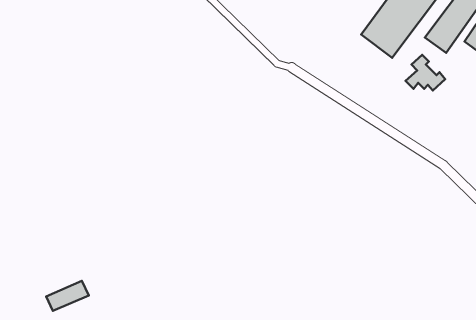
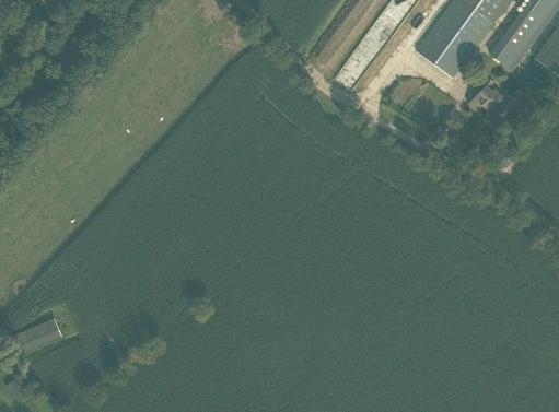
building: [46,281,89,311] -> [13,318,61,352]

